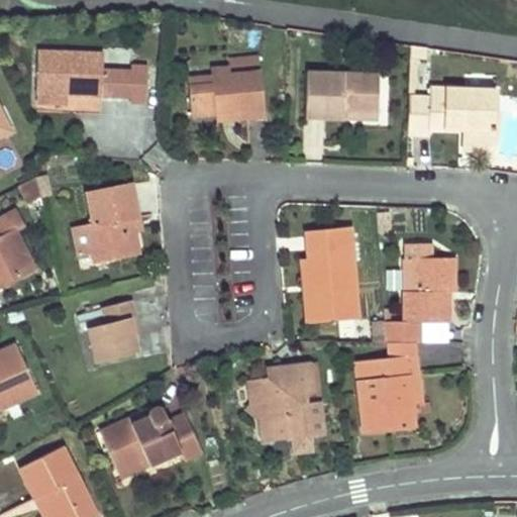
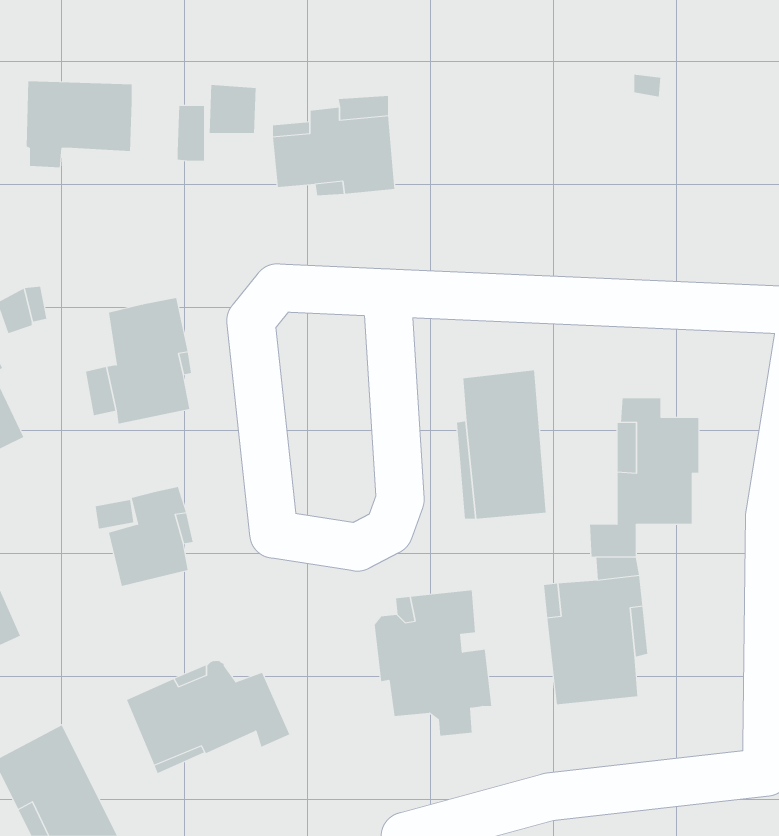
building: [102,64,131,94] -> [209,84,256,134]
building: [305,73,380,120] -> none
building: [407,89,496,151] -> none

